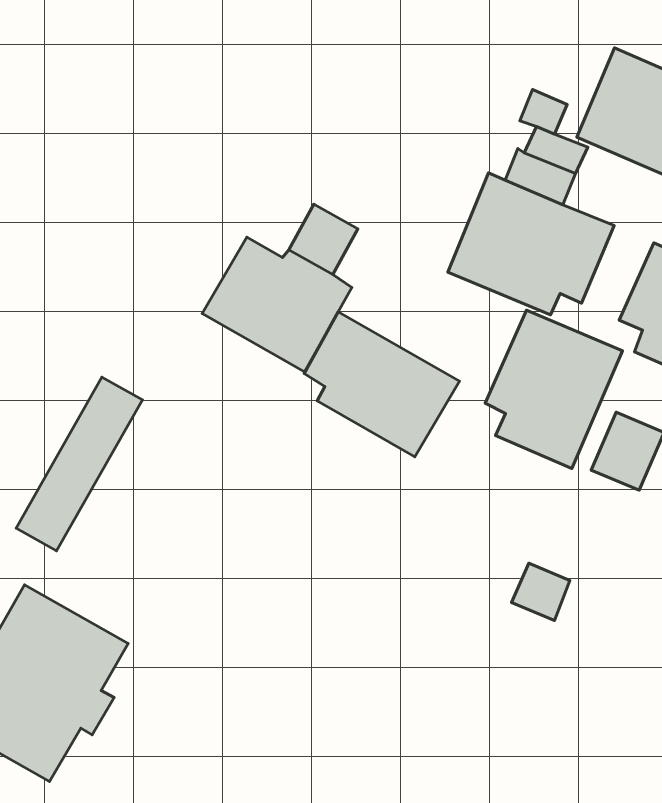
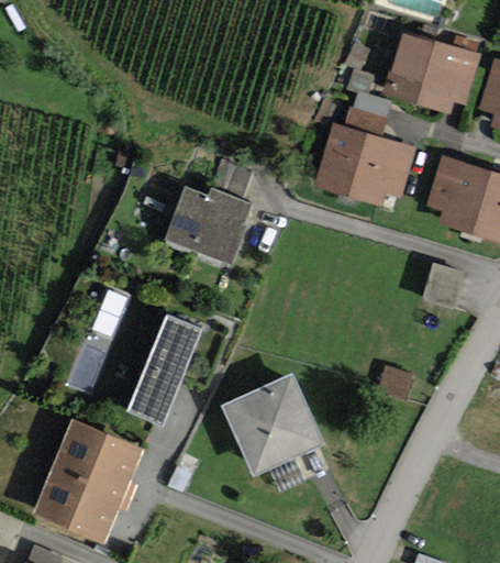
building: [485,310,622,468] -> none
building: [304,312,459,457] -> none
building: none -> [125,316,200,426]
building: none -> [220,373,324,477]

